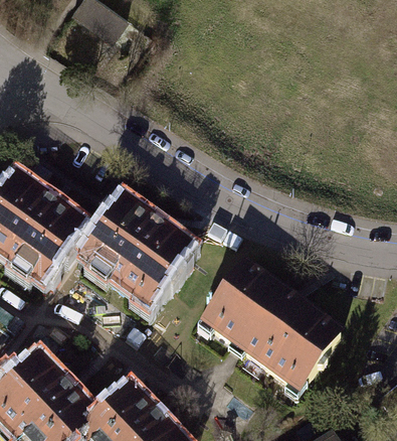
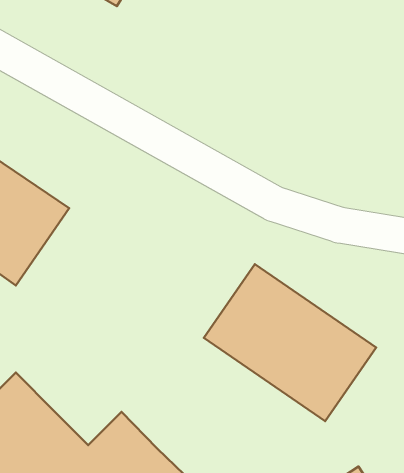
building: [76,192,194,308] -> none

